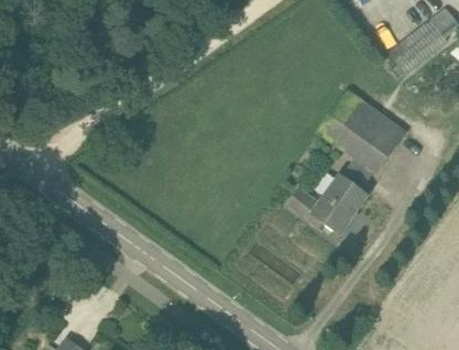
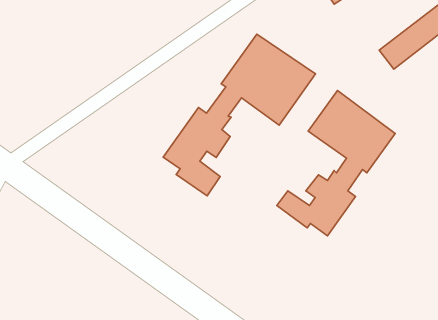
building: none -> [163,34,316,196]

